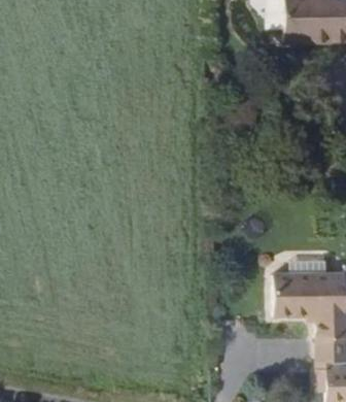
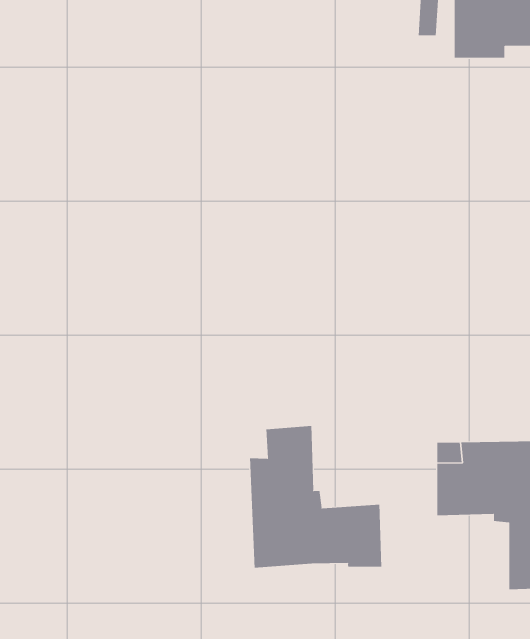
building: none -> [249,425,382,568]

